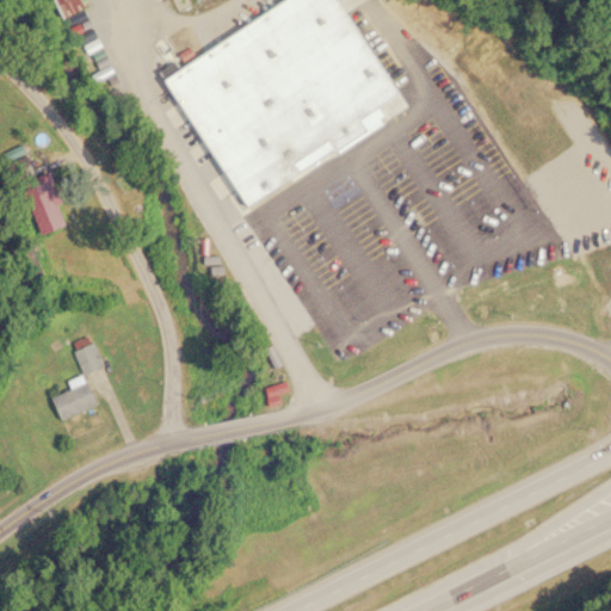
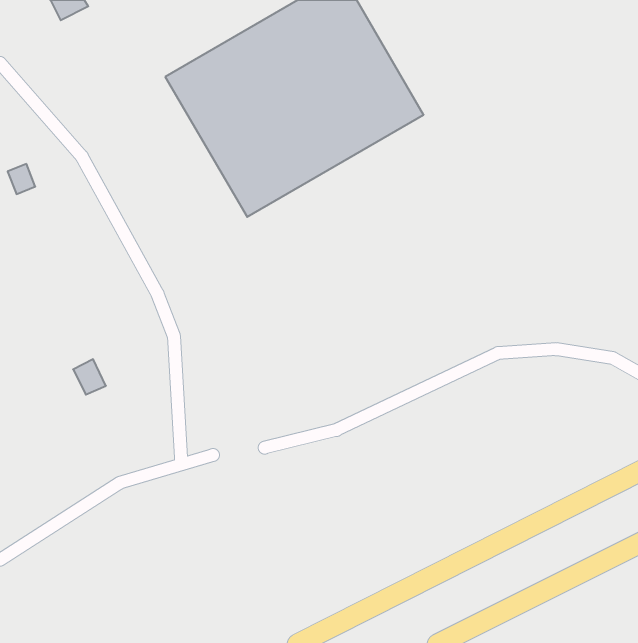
building: [24,179,72,235] -> none
building: [51,382,99,421] -> none

